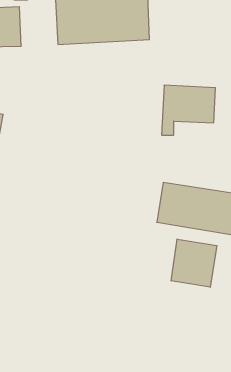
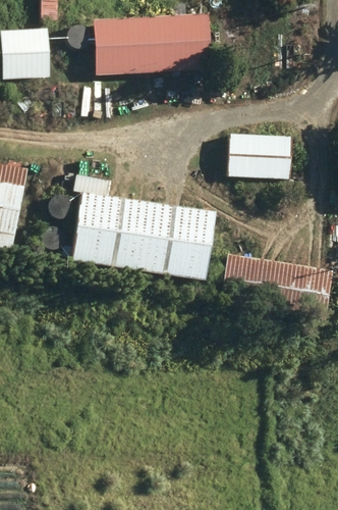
building: none -> [70,177,215,276]
building: [171,239,217,287] -> none

